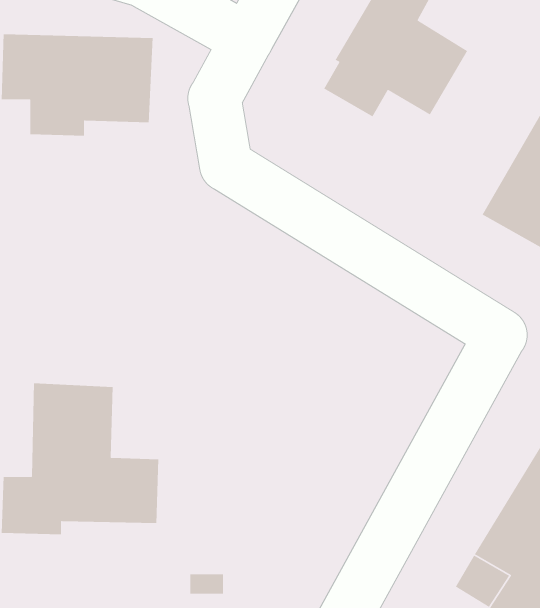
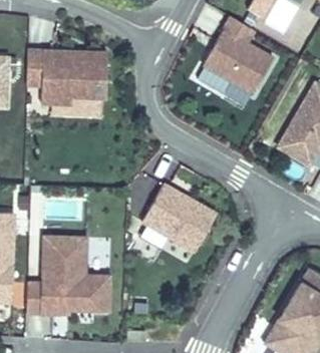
building: none -> [141,184,215,251]

